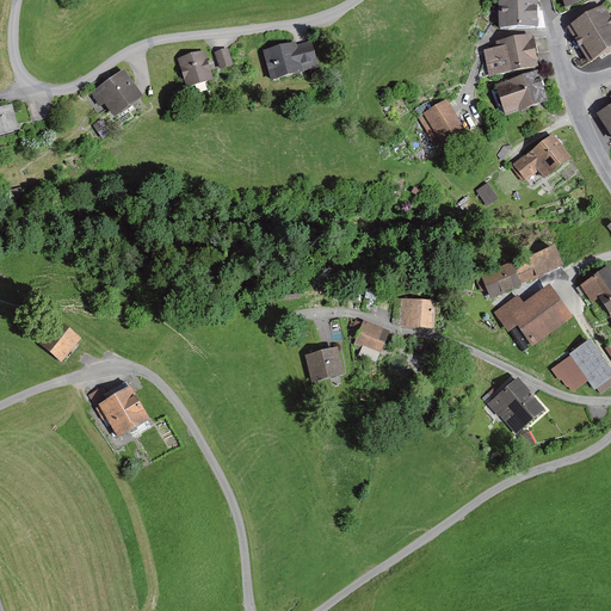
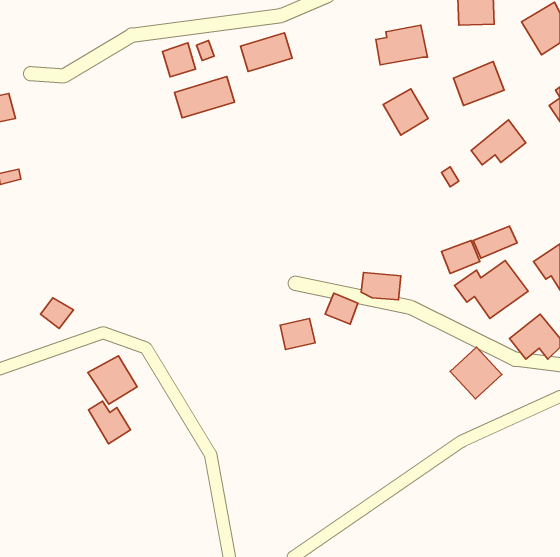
building: [485,32,541,75] -> [376,25,428,65]
building: [92,67,143,117] -> none
building: none -> [174,77,234,118]
building: none -> [89,401,131,444]

